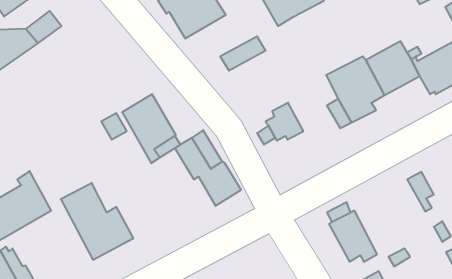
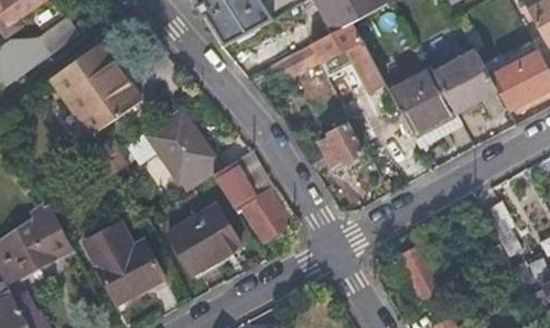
building: none -> [309,21,387,95]
building: none -> [55,41,144,132]
building: none -> [169,206,238,274]

